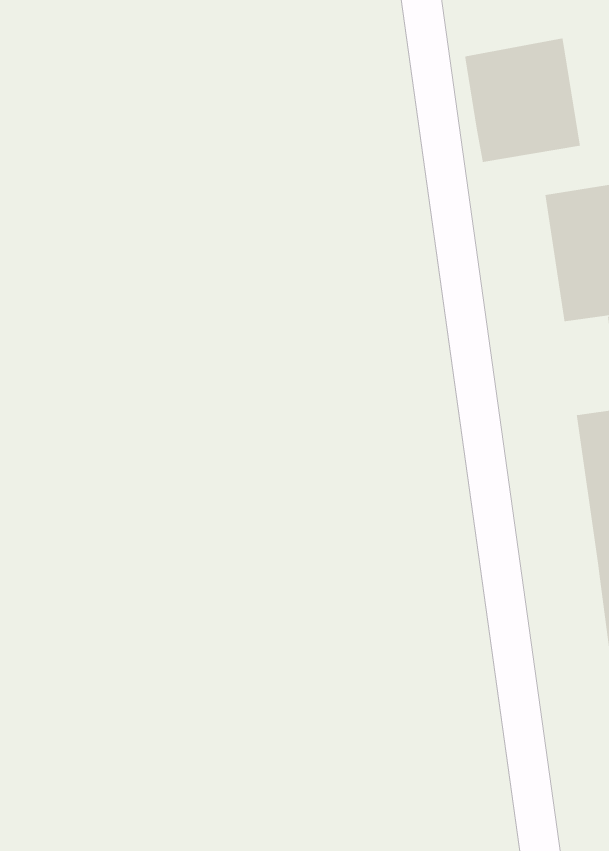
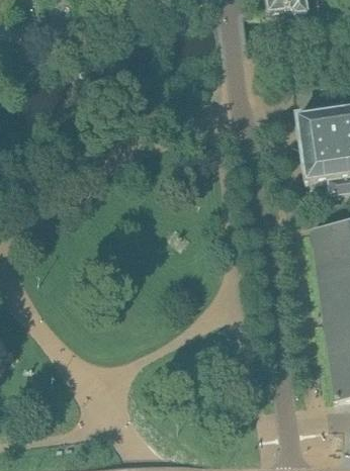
building: [463,37,581,163] -> none

